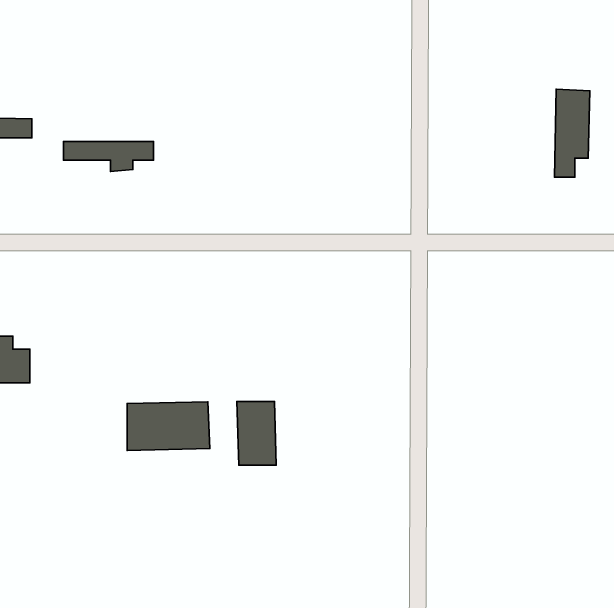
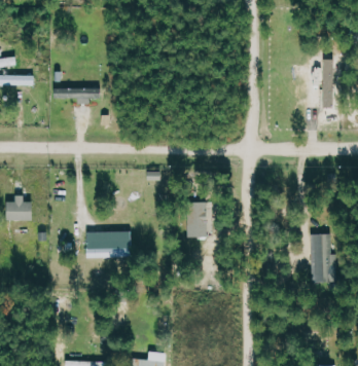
building: [237,402,276,465] -> [186,202,208,236]
building: none -> [310,233,331,282]

